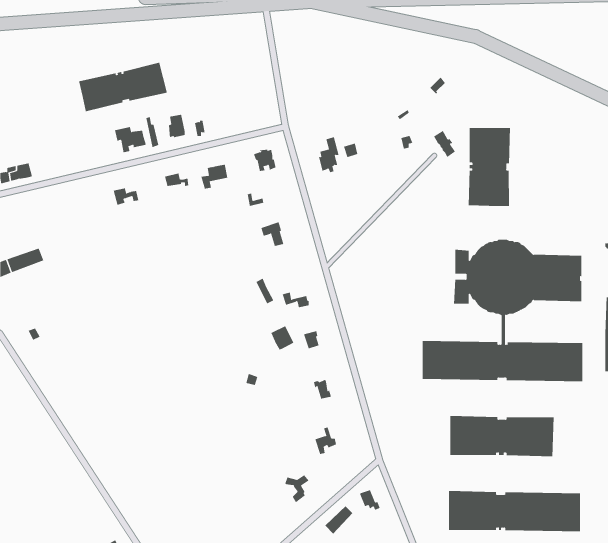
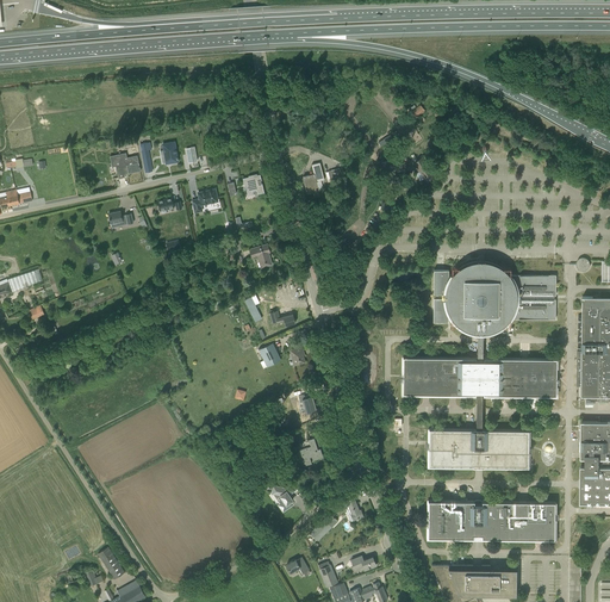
building: [79,62,167,112] -> none
building: [468,127,511,207] -> none

